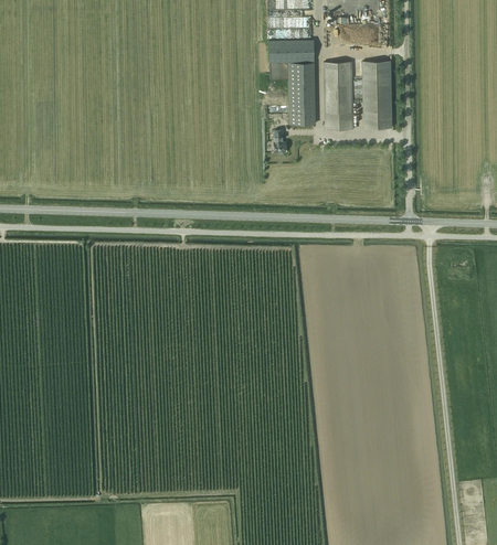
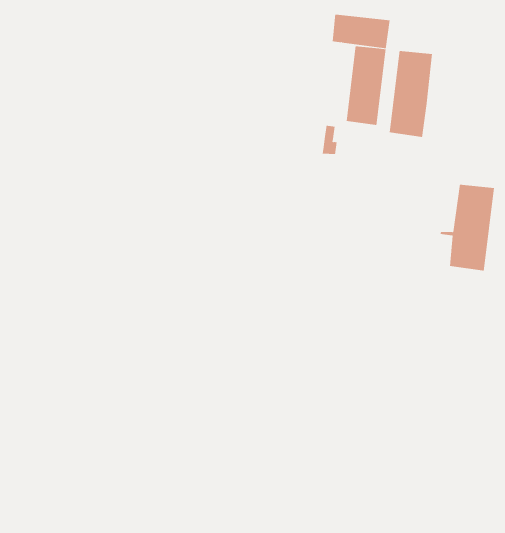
building: [352,60,392,127] -> [440,184,495,271]

